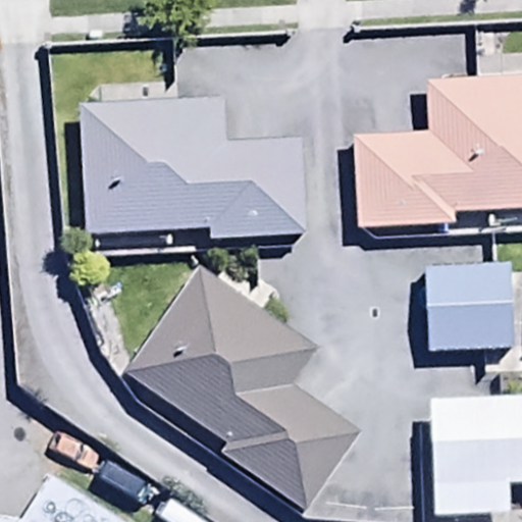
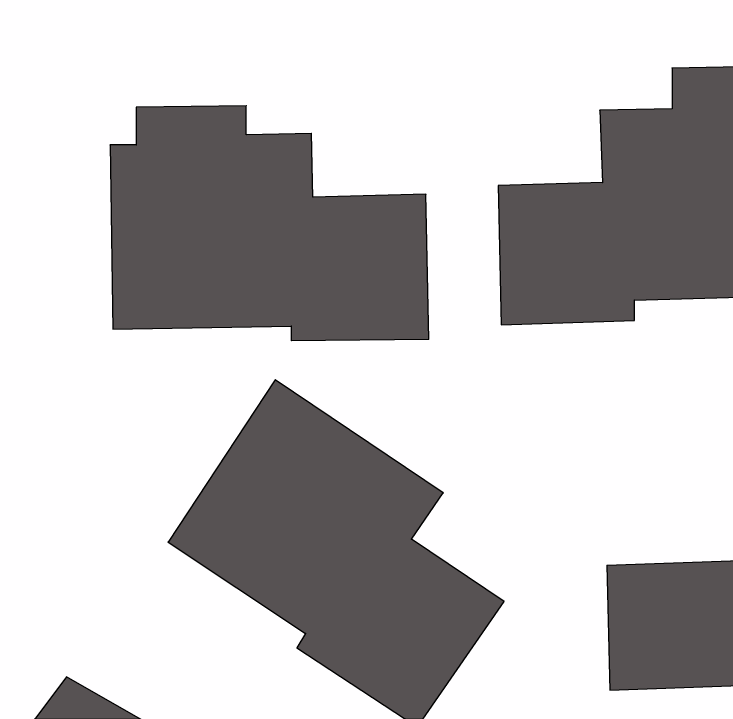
building: [427,270,513,351] -> none

